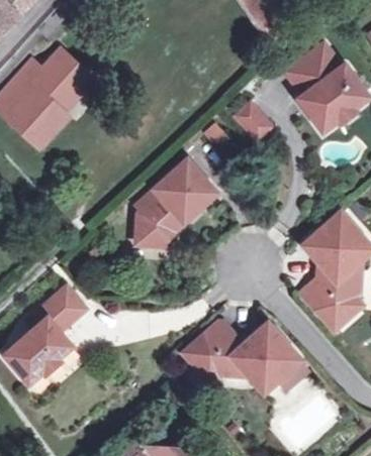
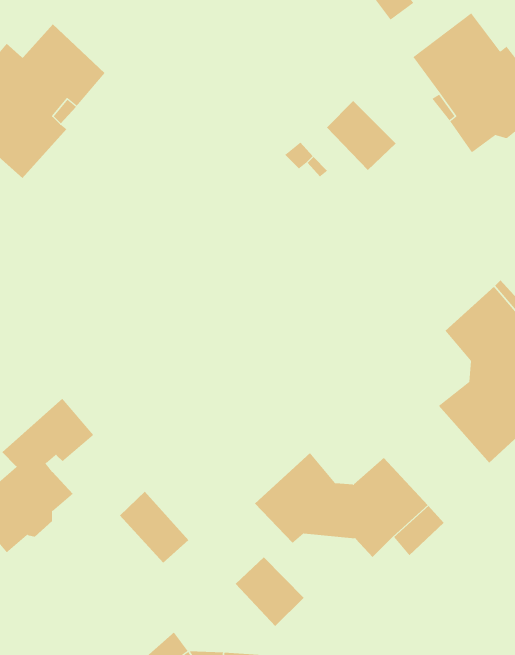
building: [138,162,215,245] -> none
building: none -> [119,491,189,563]
building: none -> [235,556,304,627]

